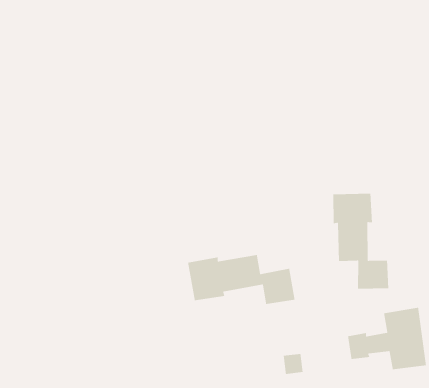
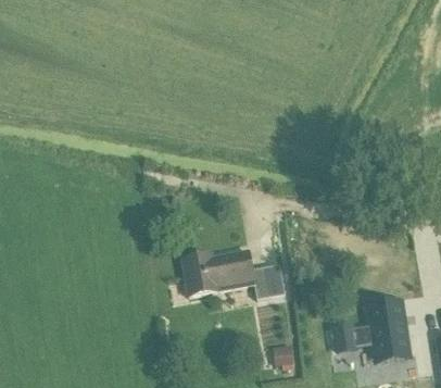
building: [333,193,389,290] -> none

